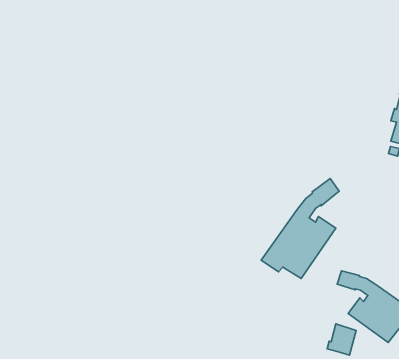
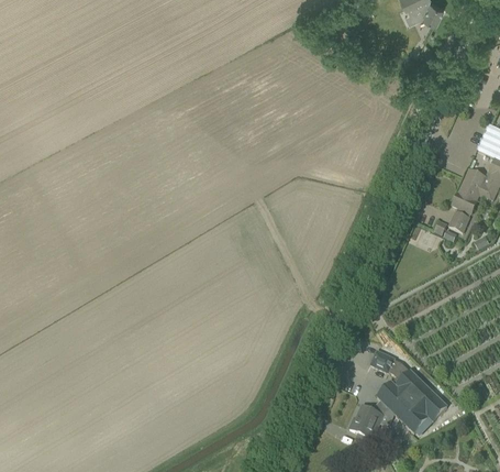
building: [261,178,339,278] -> none

